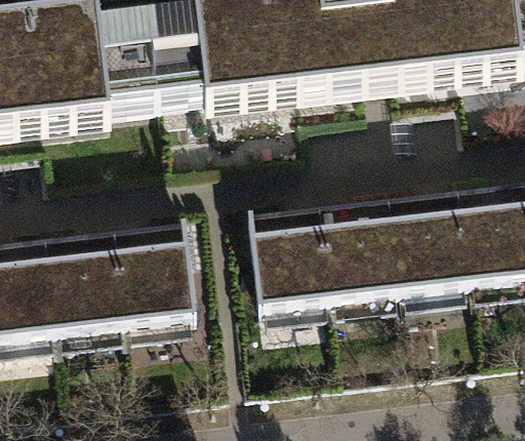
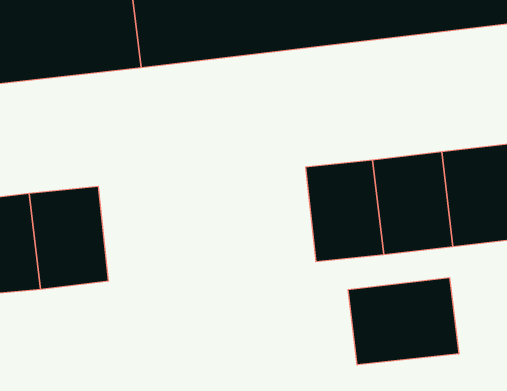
building: [248,214,329,318] -> none
building: [110,226,191,329] -> none
building: none -> [348,278,459,365]

